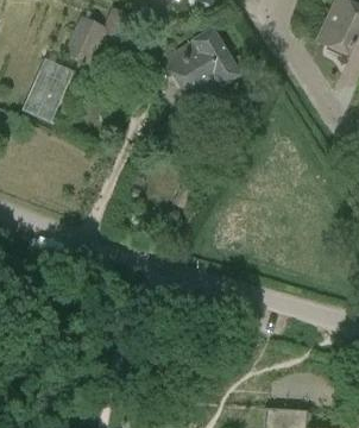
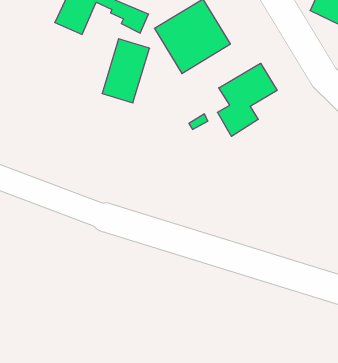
building: [24,56,71,120] -> [102,39,150,103]
building: none -> [217,63,277,136]

